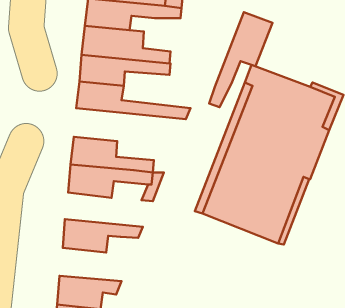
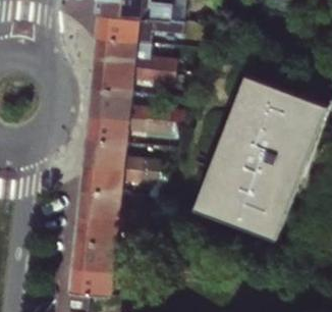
building: [209,12,272,107] -> none
building: none -> [82,116,185,147]
building: none -> [74,194,150,225]
building: none -> [69,245,126,275]

